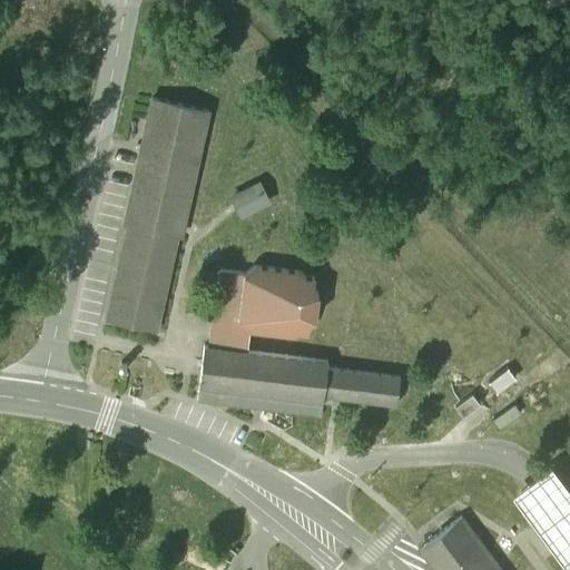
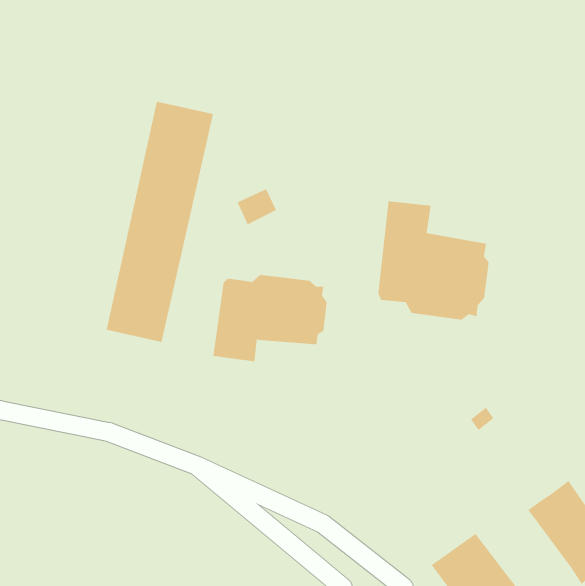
building: none -> [378,200,489,320]
building: [200,346,401,419] -> none

